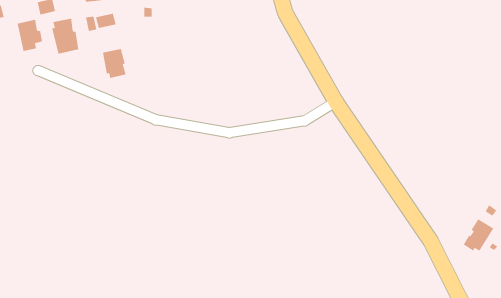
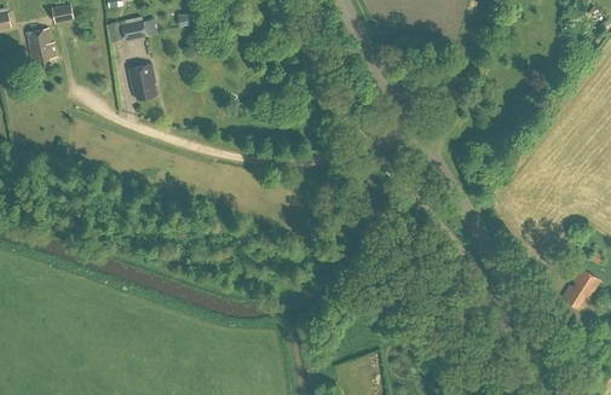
building: [52,18,79,54] -> none

